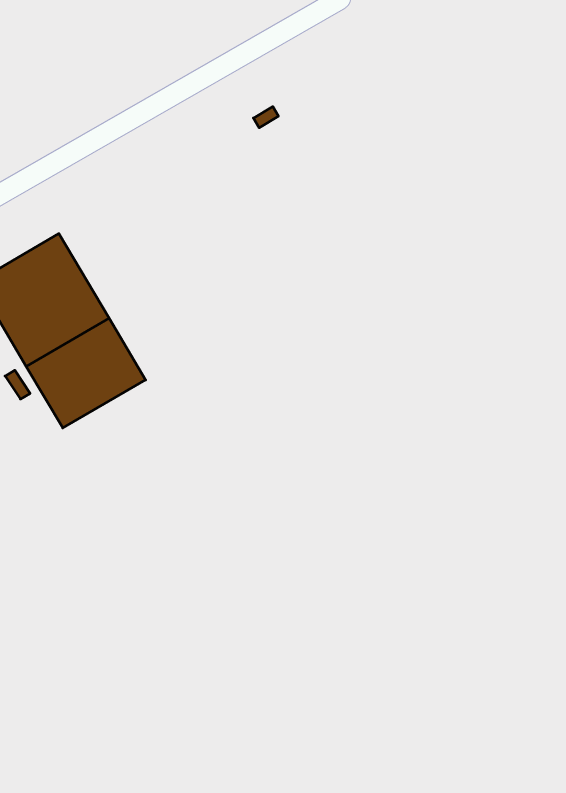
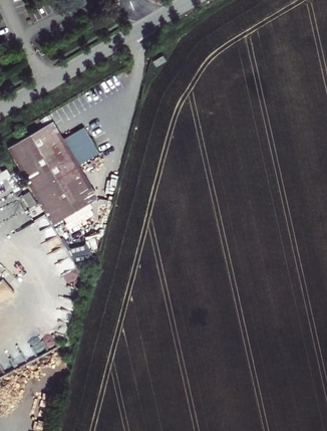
building: none -> [62,128,98,167]

